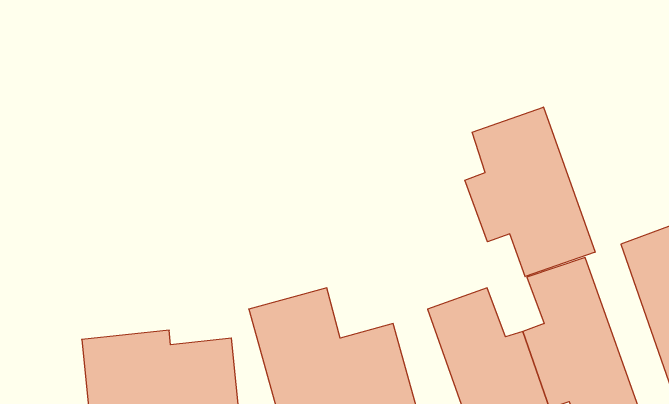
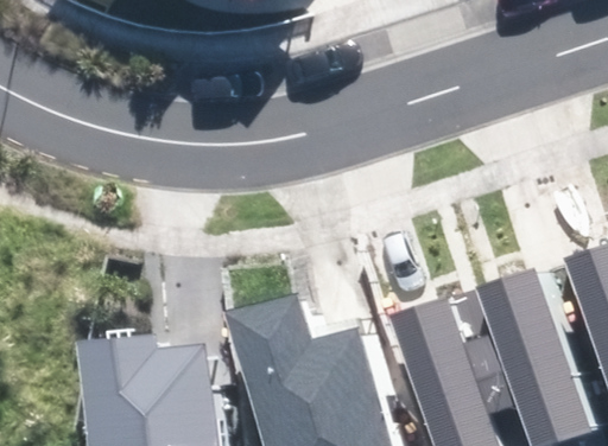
building: [465,107,595,277] -> none

